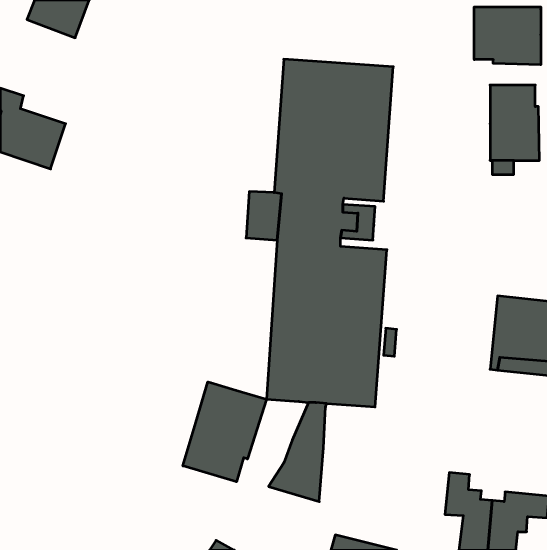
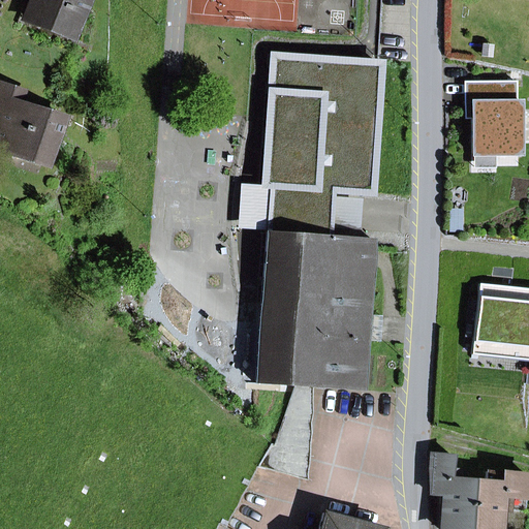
building: [474,7,541,65] -> none
building: [183,382,267,482] -> none

